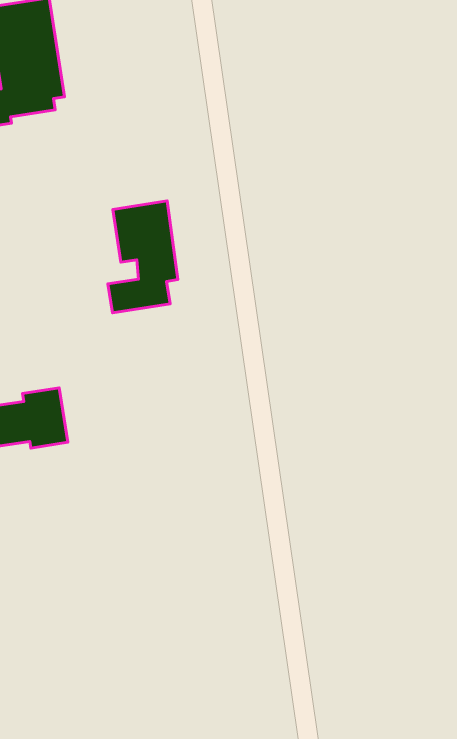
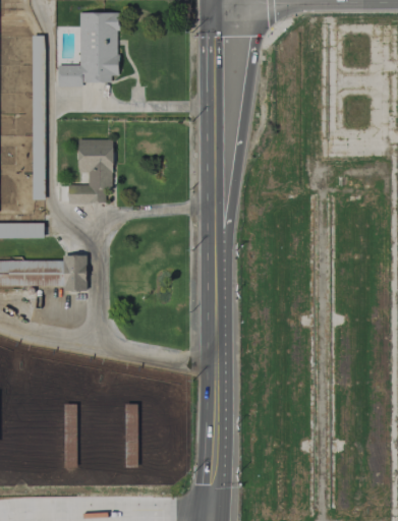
building: [108,201,178,313] -> [68,138,113,202]

